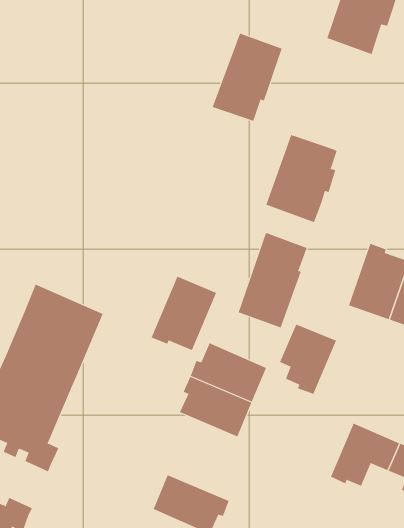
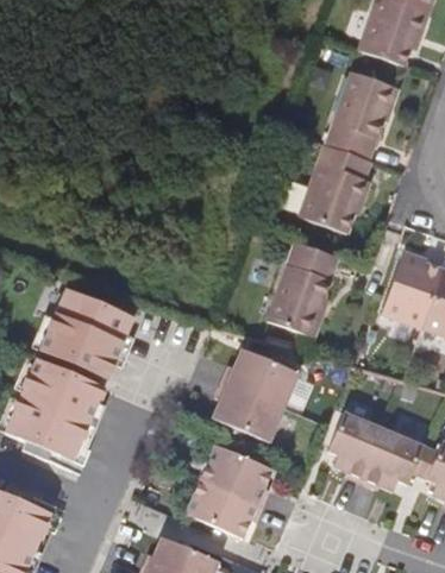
building: [212,33,283,122] -> [325,70,395,158]
building: [151,276,217,351] -> none
building: [279,324,337,395] -> [327,413,384,483]
building: none -> [200,446,272,506]

